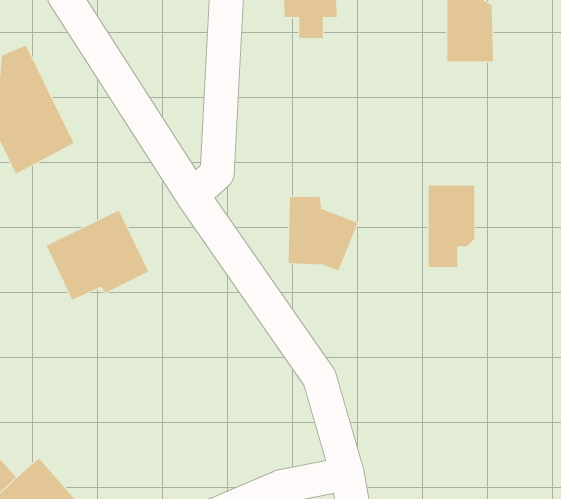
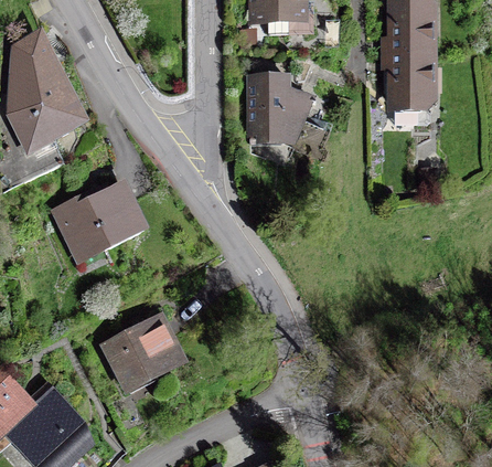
building: [428,185,475,268] -> [393,54,432,124]
building: [288,197,359,271] -> [250,77,310,140]
building: none -> [105,318,182,385]

